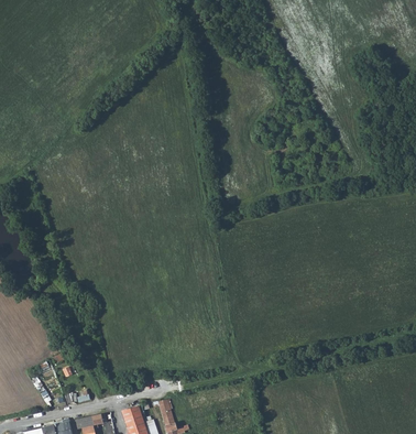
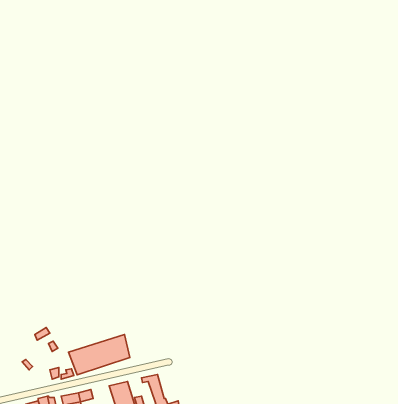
building: none -> [68,334,130,375]

